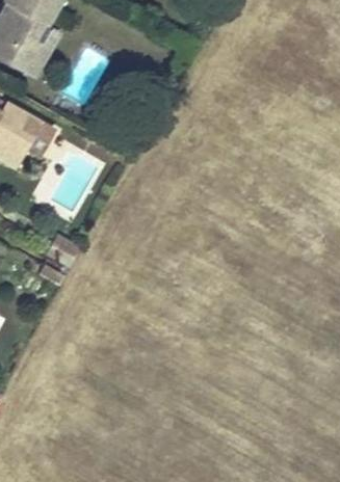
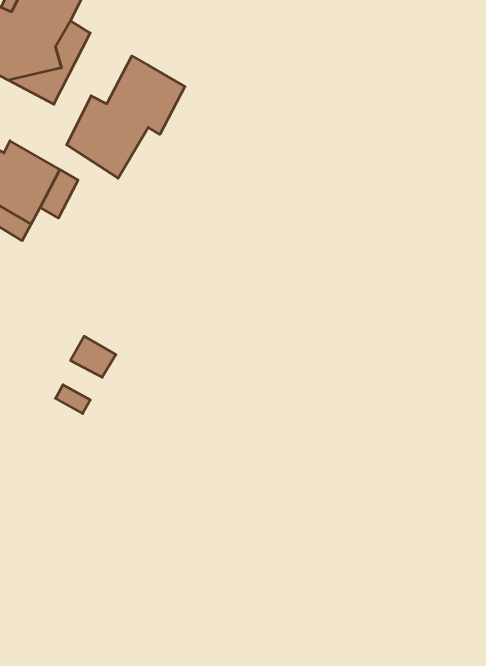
building: none -> [67,56,185,178]

